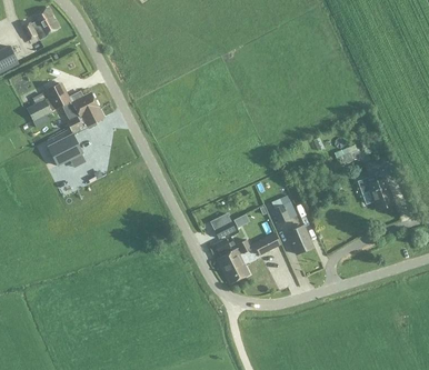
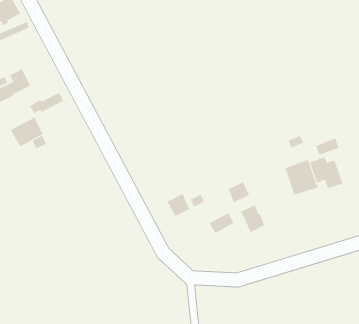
building: [62,91,98,119] -> none
building: none -> [285,159,318,195]
building: [213,238,250,282] -> none

